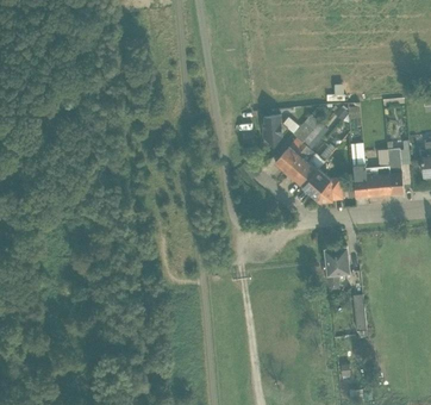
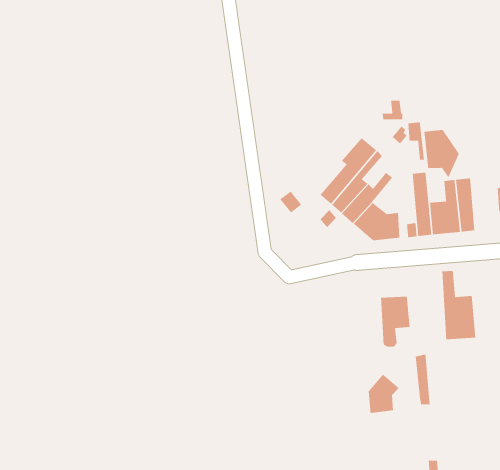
building: none -> [423,129,460,179]
building: [262,116,288,147] -> none
building: none -> [441,270,476,340]
building: none -> [368,374,399,414]

